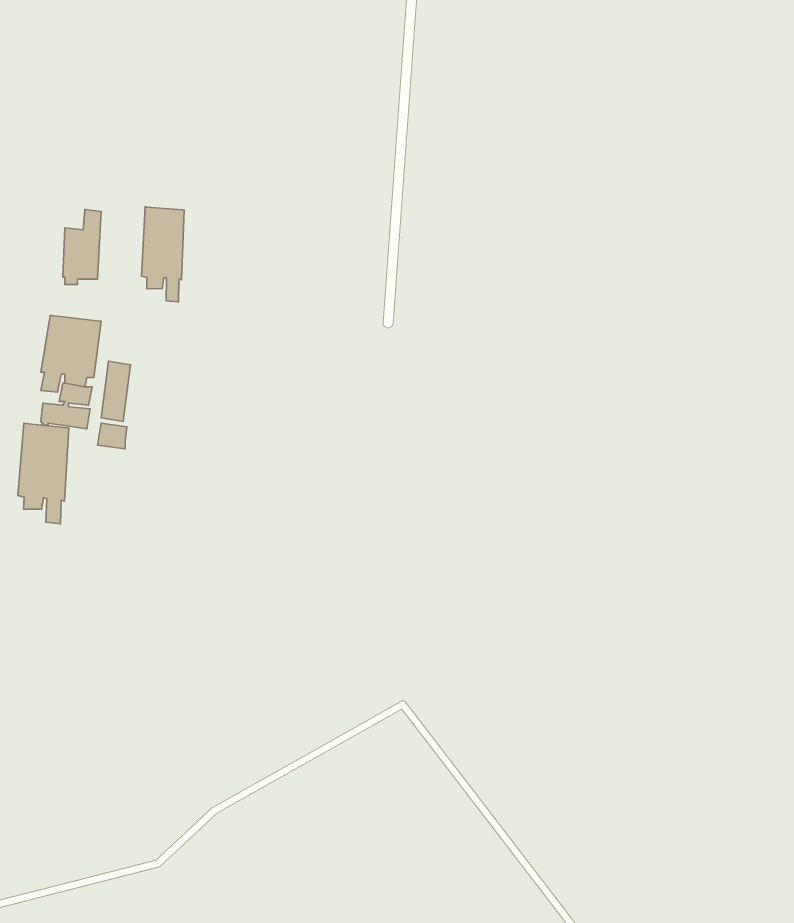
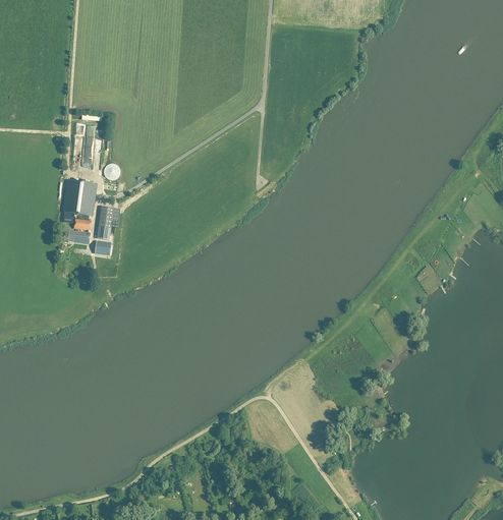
building: [141,207,184,302] -> none
building: [18,423,69,524] -> none

